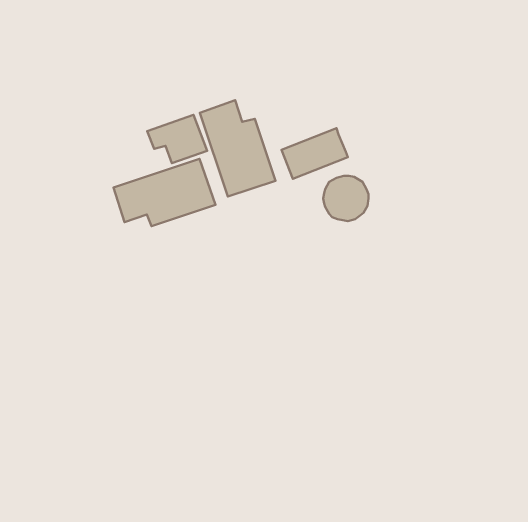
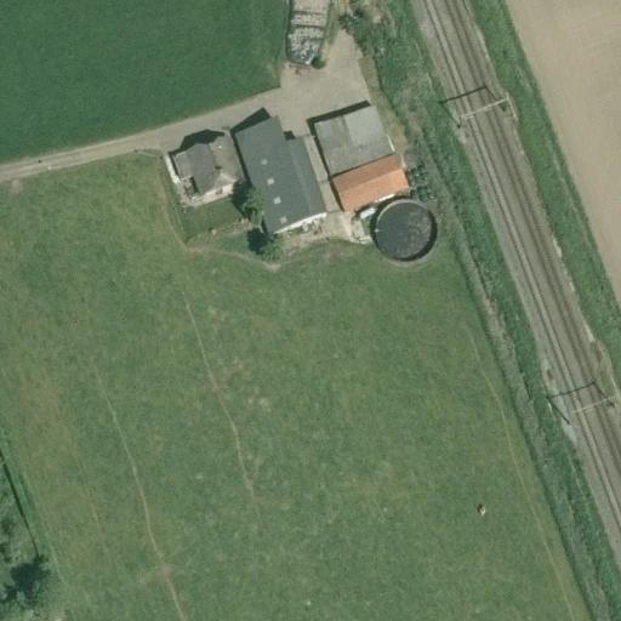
building: none -> [313,102,393,171]
building: [114,159,215,226] -> none

